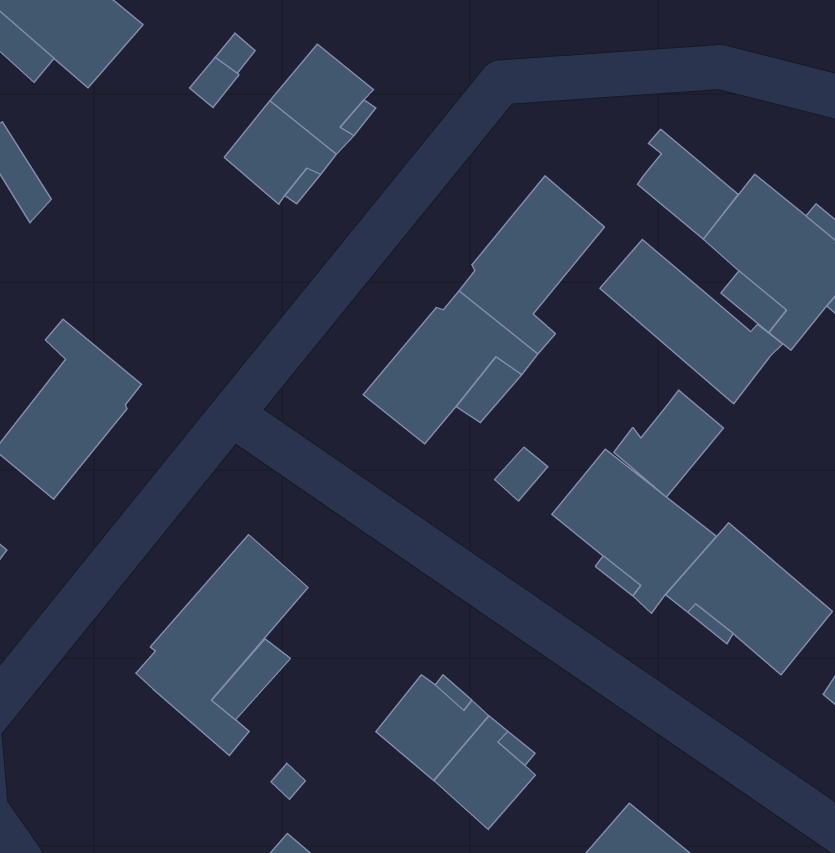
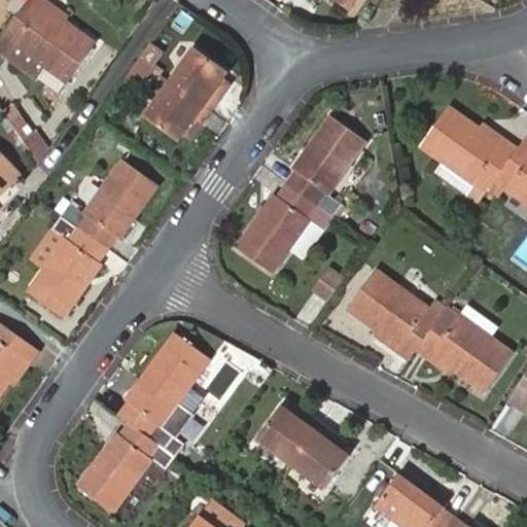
building: [637,129,738,239] -> none
building: none -> [60,160,156,250]
building: [600,239,783,404] -> none
building: [614,390,723,497] -> none
building: none -> [76,423,172,514]

